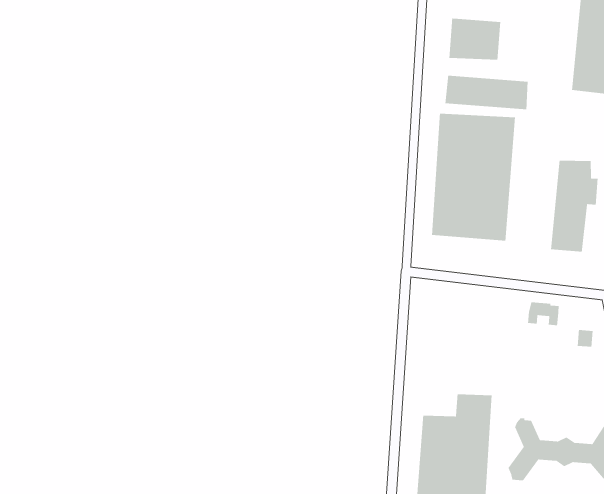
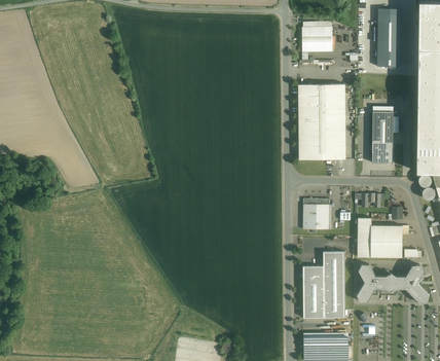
building: [445,75,529,110] -> none
building: none -> [303,204,329,229]
building: none -> [358,217,402,257]

